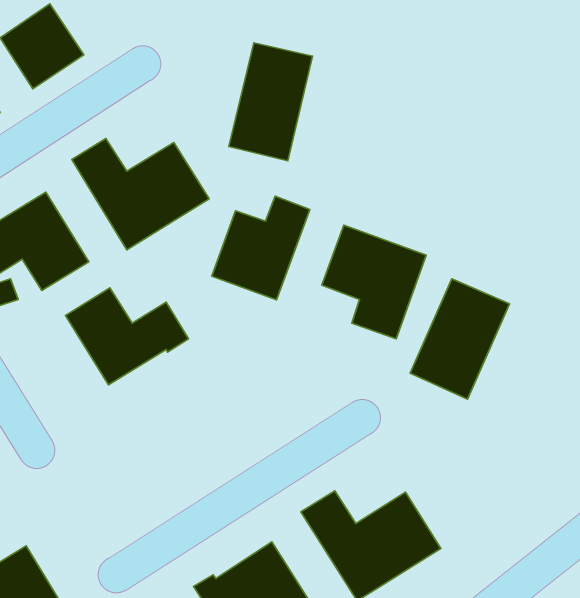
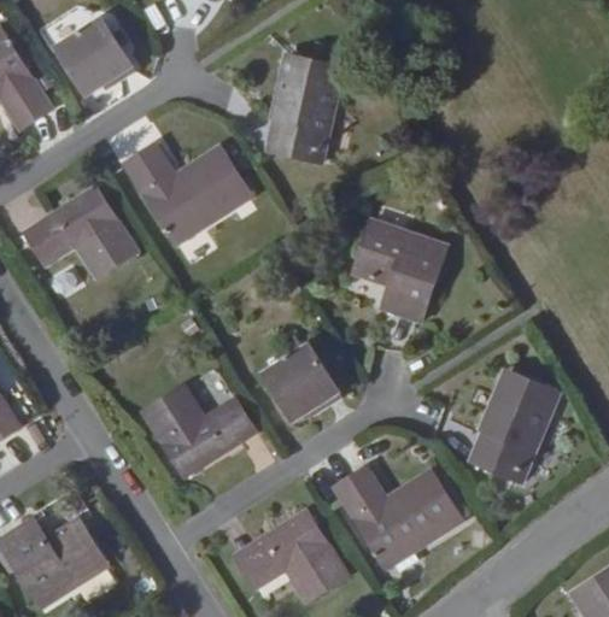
building: [212,196,310,300] -> none
building: [410,279,509,399] -> [467,372,558,483]
building: [65,288,188,385] -> [144,386,257,475]
building: none -> [263,345,339,422]

